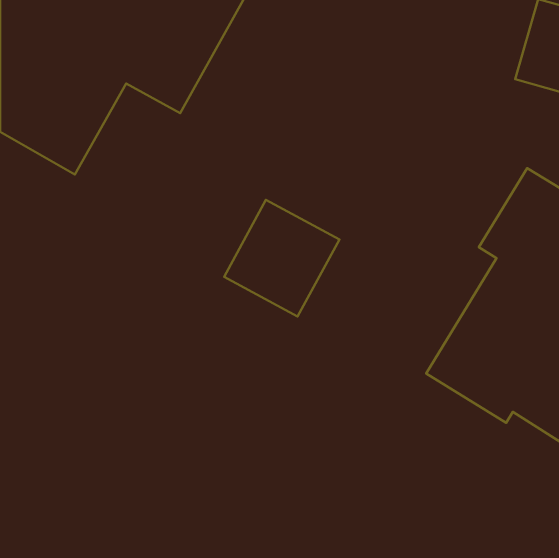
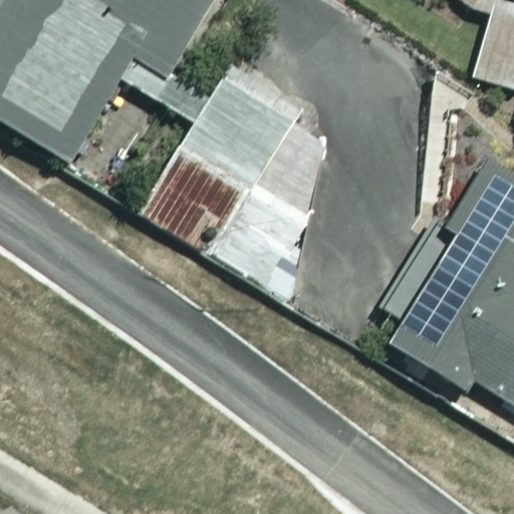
building: none -> [140,76,300,248]

